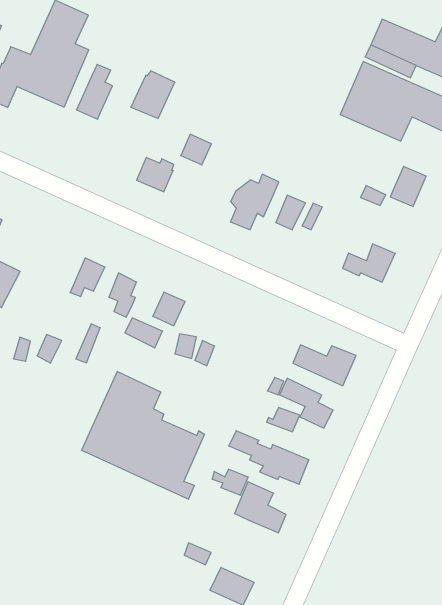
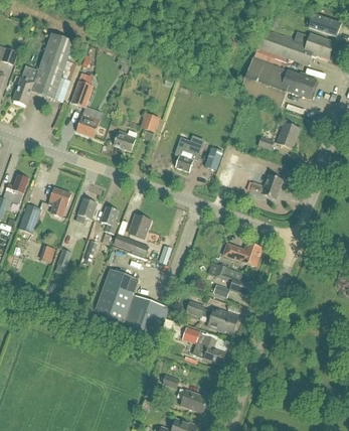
building: [131,71,175,119] -> [75,106,103,136]
building: none -> [47,186,70,217]

